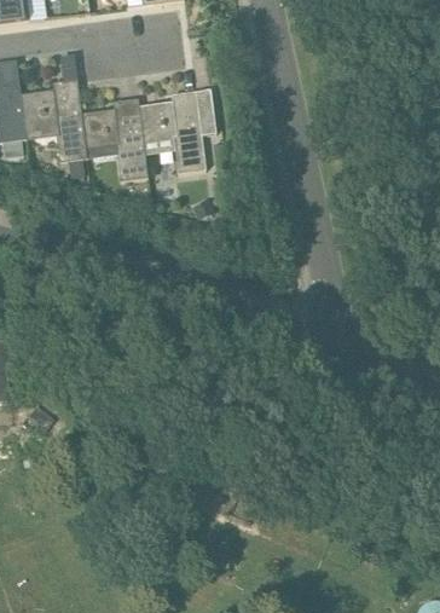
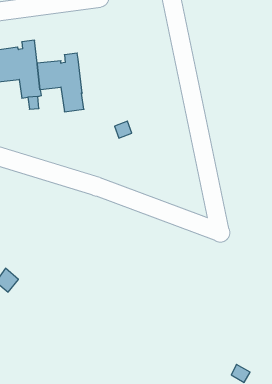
building: [138,89,215,174] -> none

